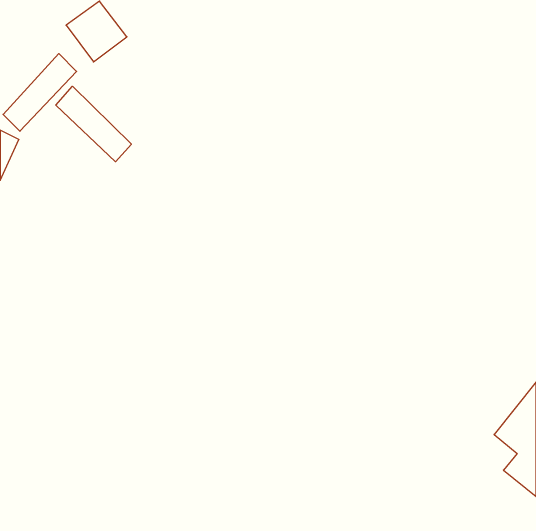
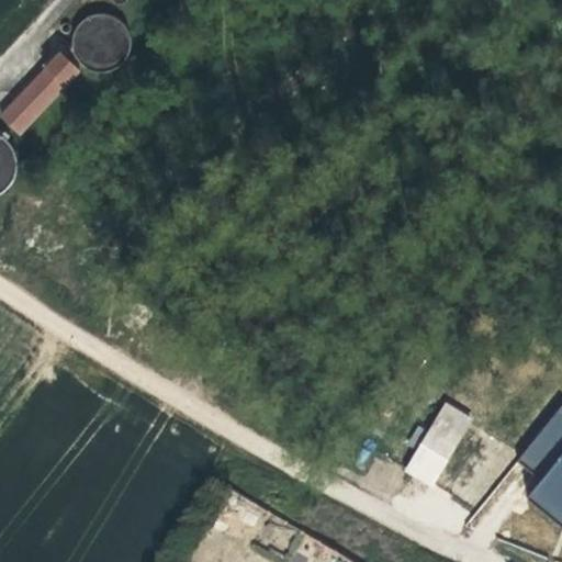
building: [56,86,131,162] -> none
building: none -> [409,417,464,480]

